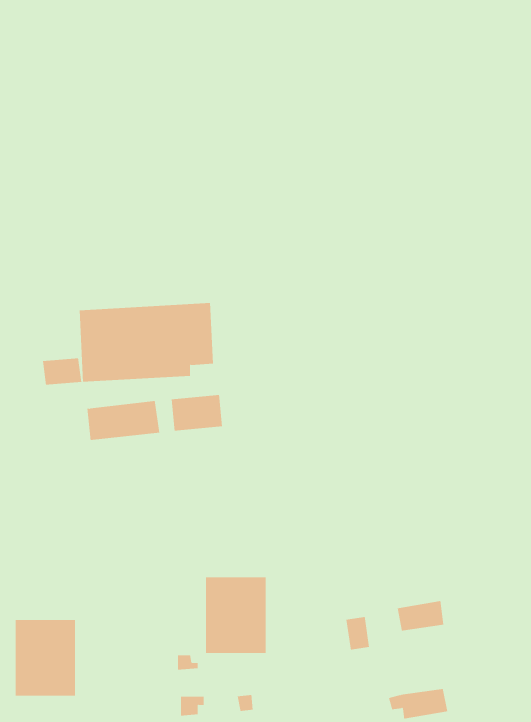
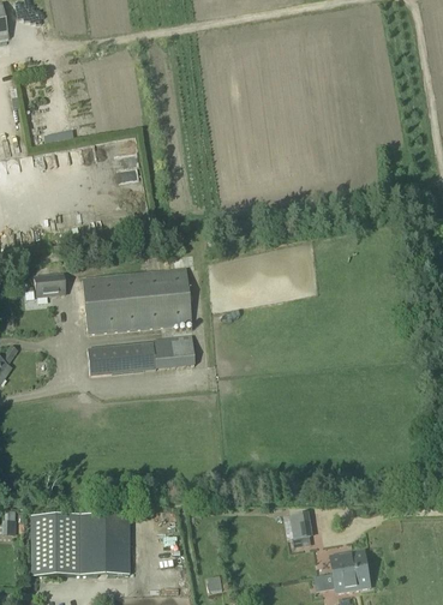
building: [42,358,82,385] -> [36,275,67,296]
building: [205,577,267,653] -> [80,515,128,575]
building: [397,600,444,631] -> [331,550,369,574]

